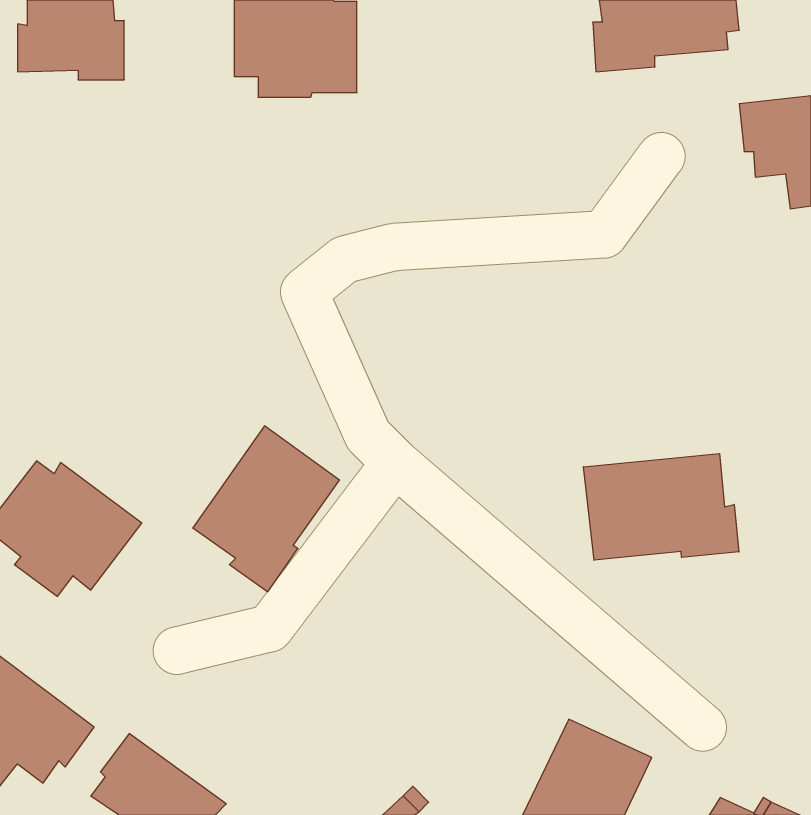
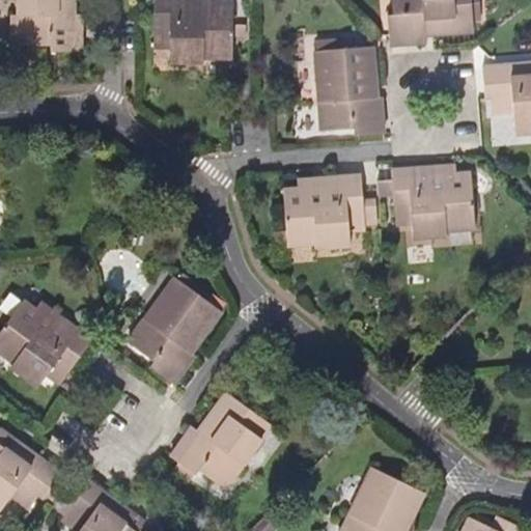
building: none -> [313,43,384,136]
building: none -> [375,166,475,240]
building: none -> [282,175,376,250]
building: [584,454,739,560] -> none
building: none -> [169,392,272,490]

